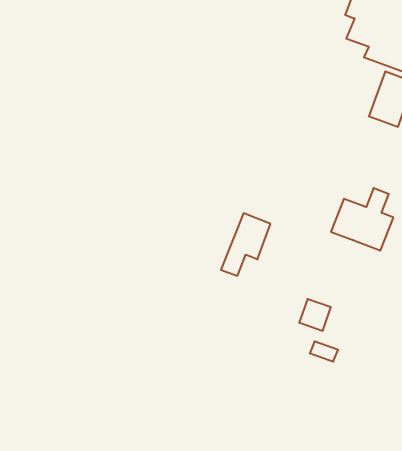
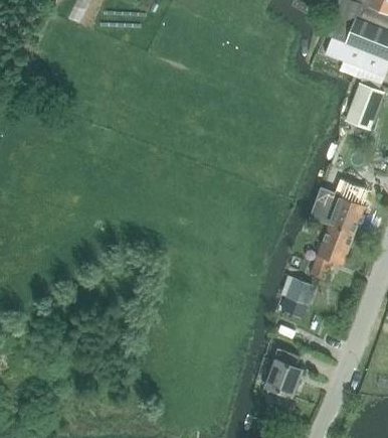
building: [221,213,270,276] -> [312,225,354,278]
building: none -> [264,347,304,400]

